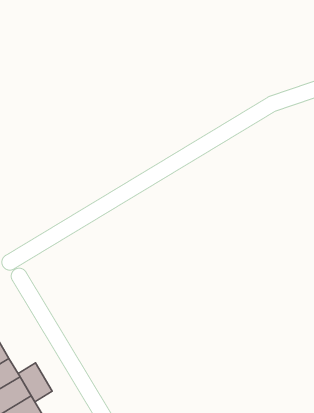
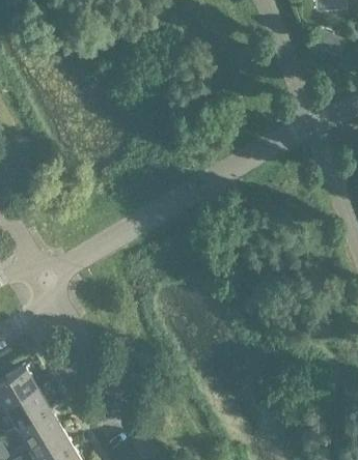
building: [18,363,52,402] -> none

